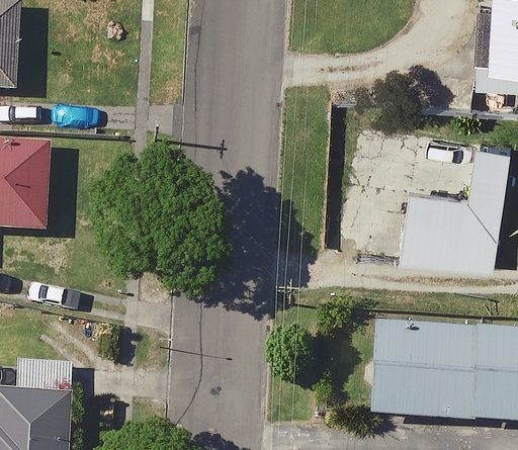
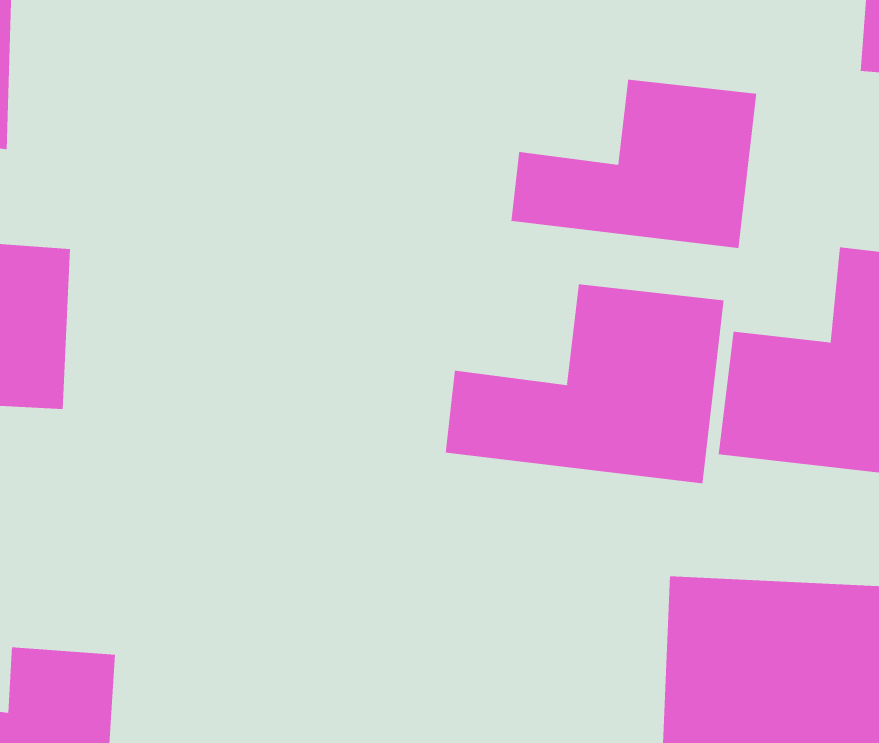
building: none -> [511,79,757,249]
building: none -> [445,284,724,484]

